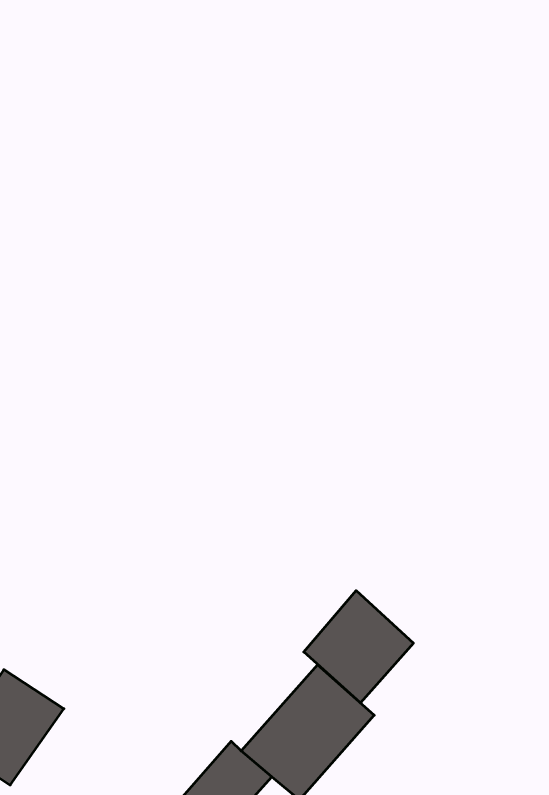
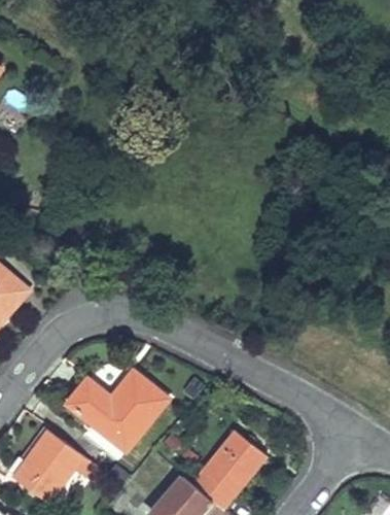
building: none -> [65,368,166,446]
building: [304,591,413,703] -> none

